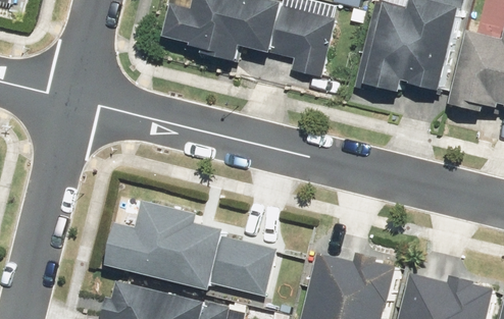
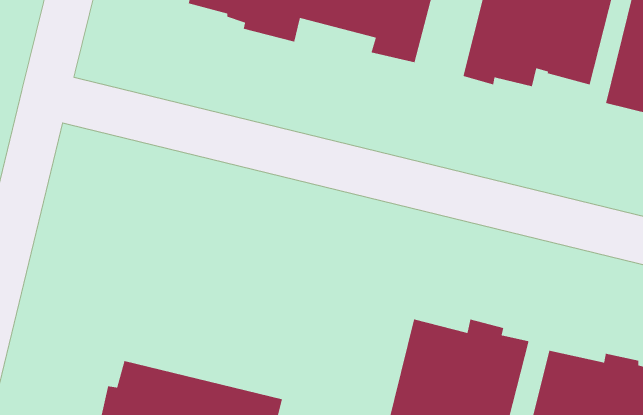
building: [106,201,275,296] -> none

